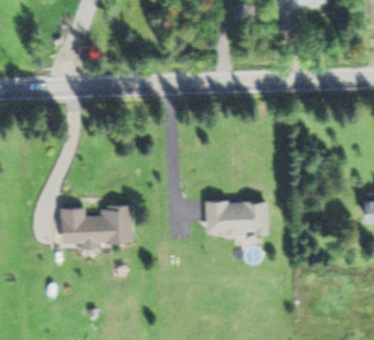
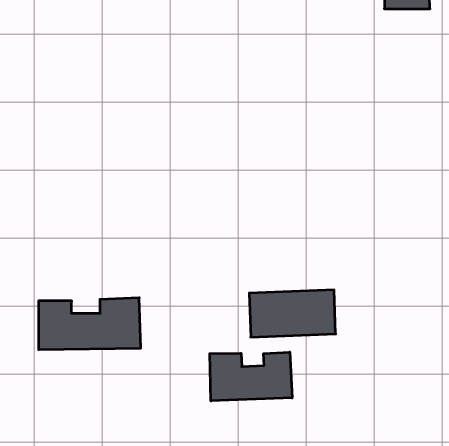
building: none -> [210,352,292,401]

